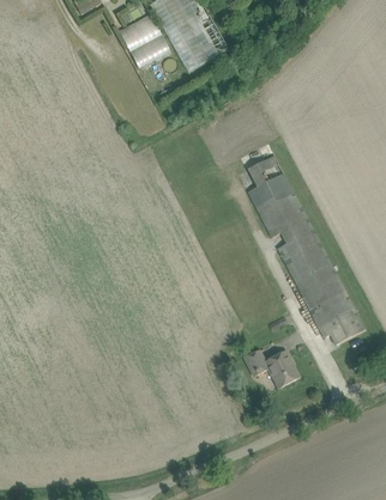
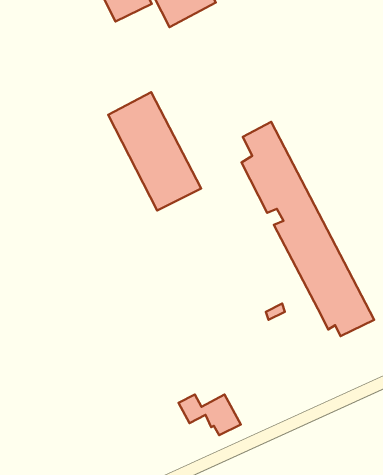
building: none -> [108,92,201,210]
building: [245,350,300,386] -> [178,395,241,435]

